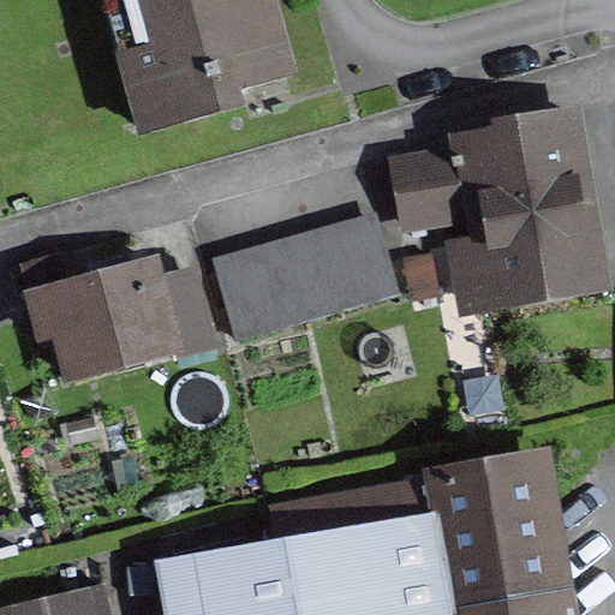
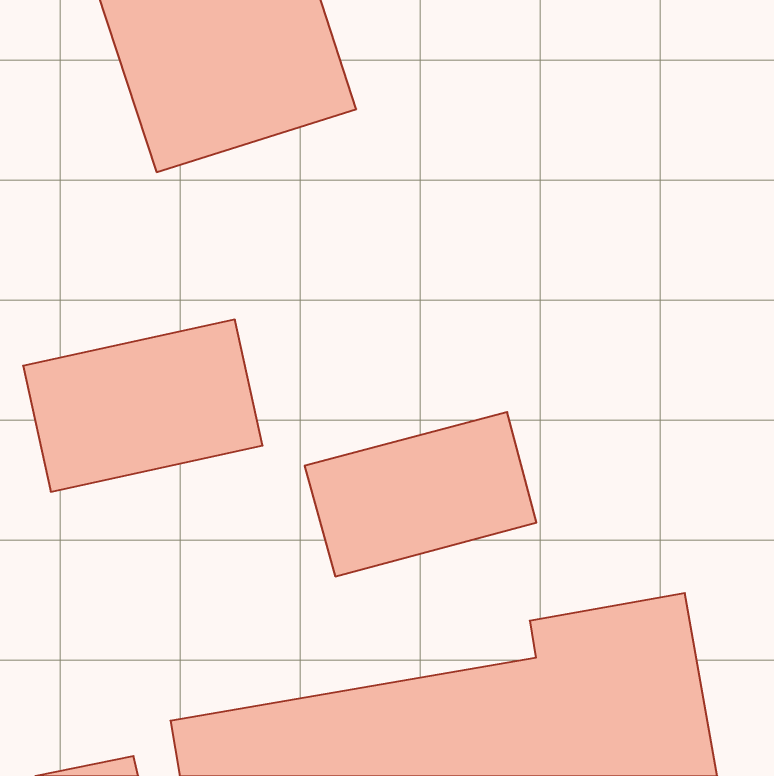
building: [405,105,605,303] -> none
building: [221,216,402,345] -> [305,412,536,576]

